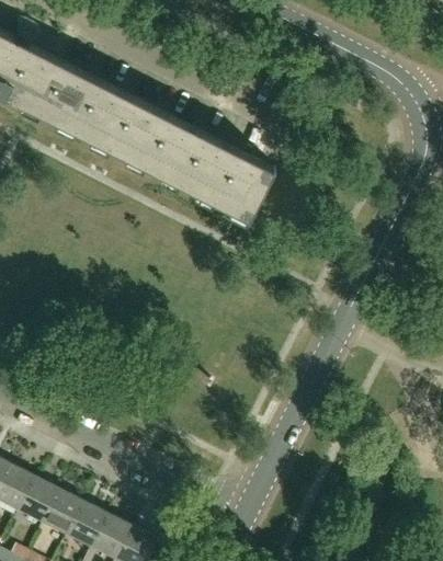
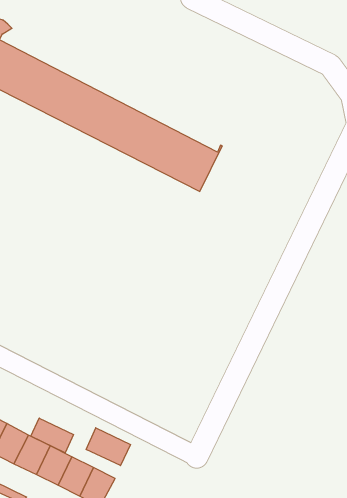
building: none -> [31,418,73,453]
building: none -> [86,428,131,466]

